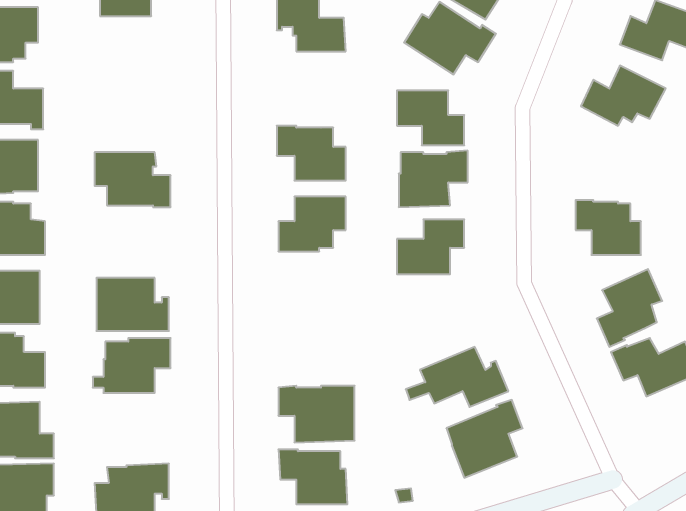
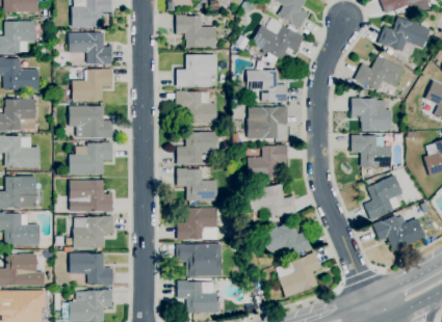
building: none -> [69,33,111,64]
building: none -> [177,55,216,87]
building: none -> [72,69,111,101]
building: none -> [352,98,391,131]
building: none -> [69,142,112,176]
building: none -> [177,168,216,202]
building: none -> [246,184,296,219]
building: none -> [176,208,216,240]
building: none -> [70,253,113,287]

